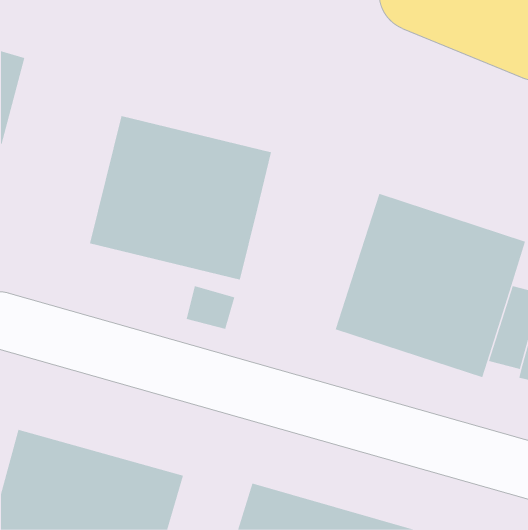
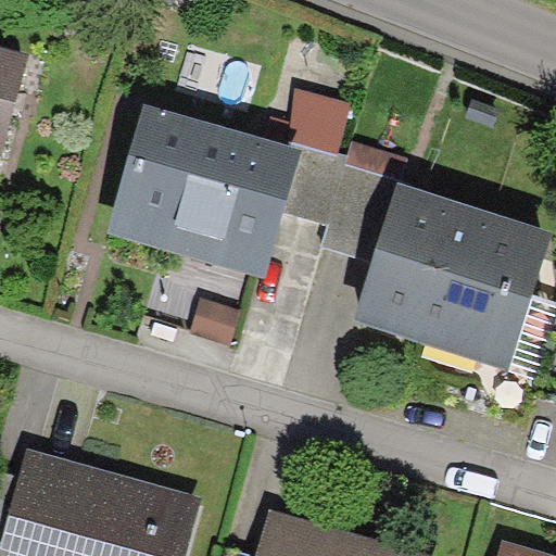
building: none -> [276,92,412,270]

